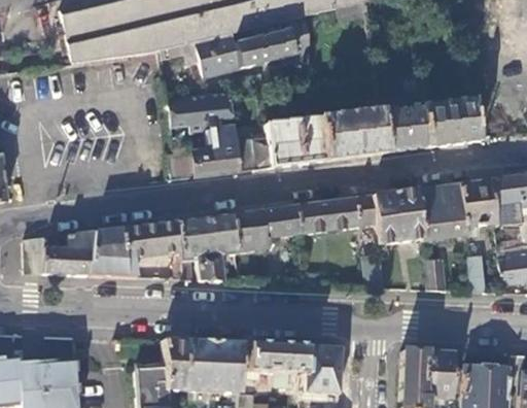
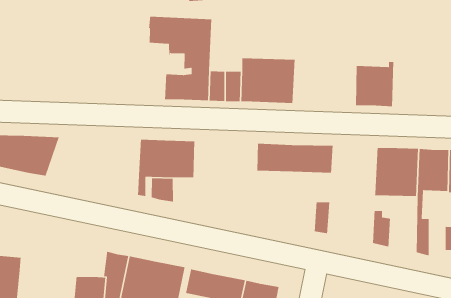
building: [416,73,479,146] -> none
building: [320,107,388,160] -> none
building: [373,190,422,243] -> none
building: [233,205,300,251] -> none
building: [89,220,180,276] -> none

